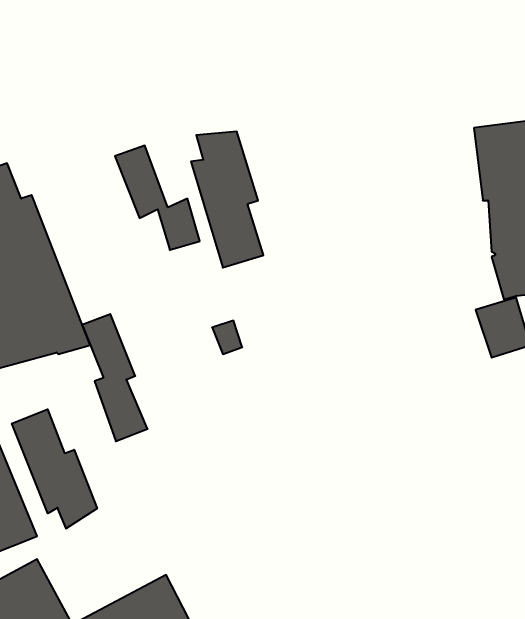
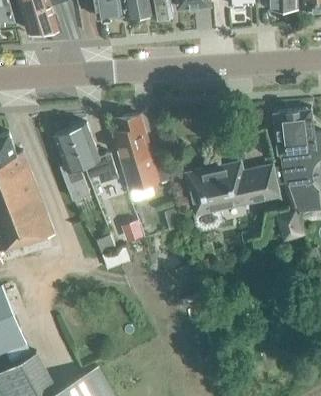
building: none -> [189,164,278,230]
building: [82,314,148,441] -> [54,129,91,201]
building: [12,409,97,529] -> none

